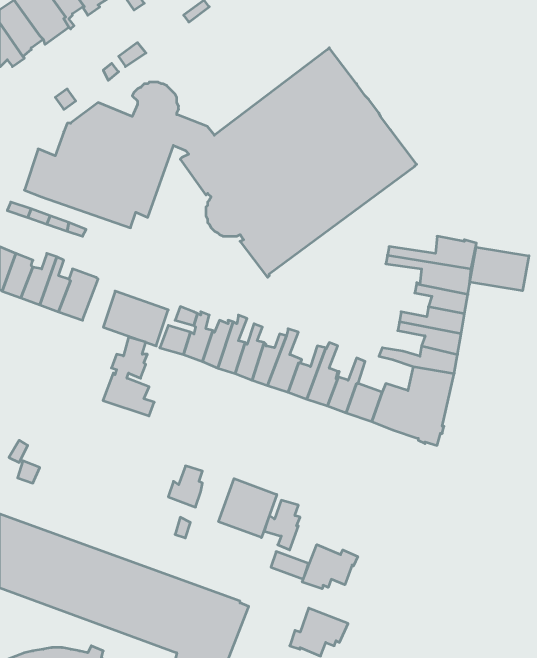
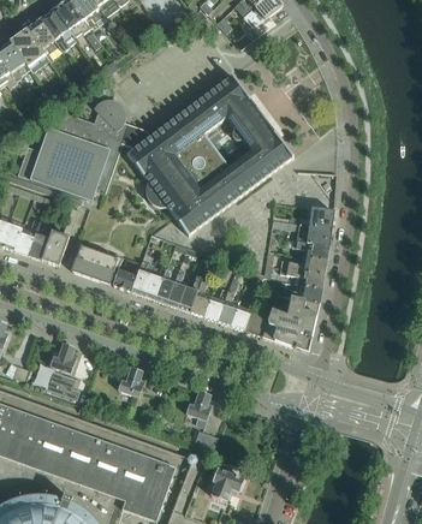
building: [470,247,529,291] -> none
building: [103,337,154,416] -> [44,344,81,399]
building: [219,479,277,538] -> none
building: [302,545,358,589] -> none

